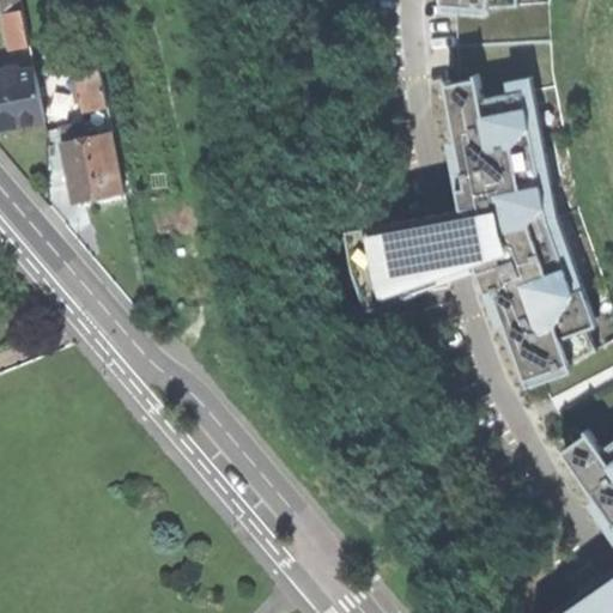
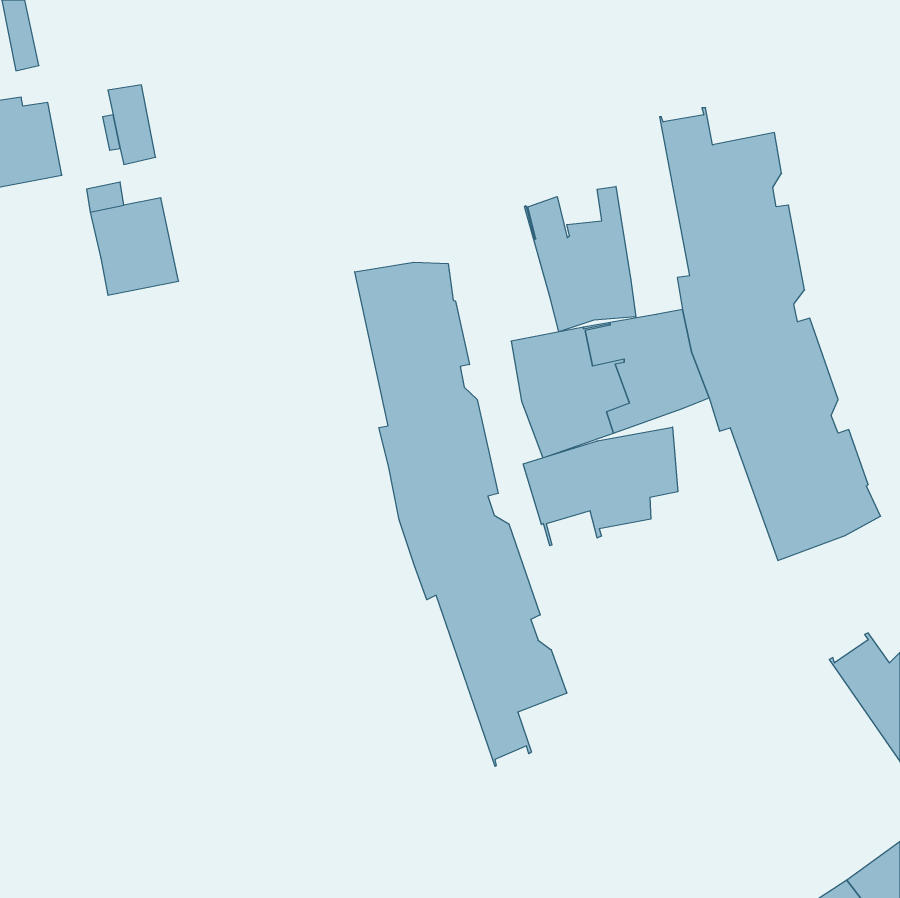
building: none -> [525,186,636,332]
building: none -> [355,262,567,766]
building: none -> [523,427,678,546]

